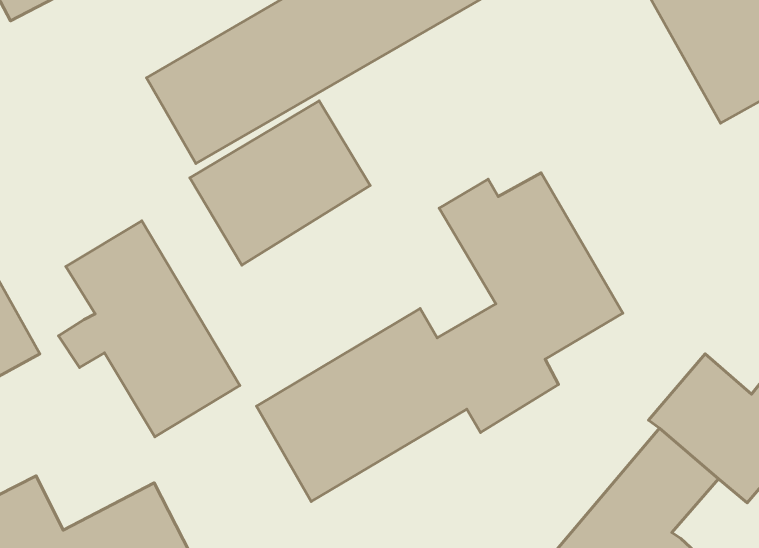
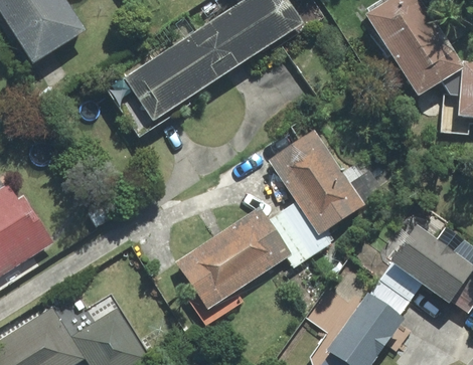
building: [190,101,370,265] -> none
building: [59,221,240,437] -> none

